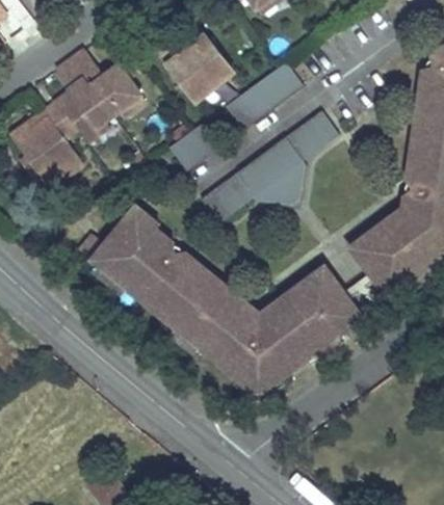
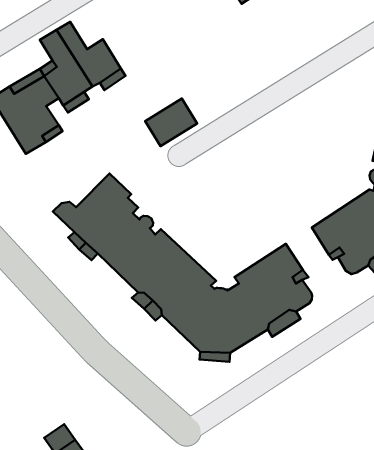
building: [152,28,236,101] -> none
building: [225,61,303,130] -> none
building: [201,109,338,220] -> none

